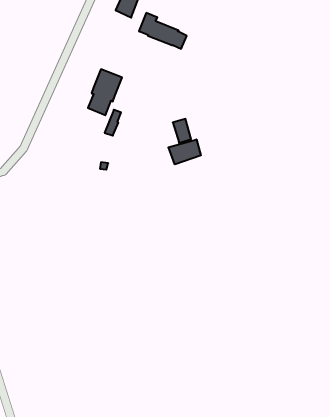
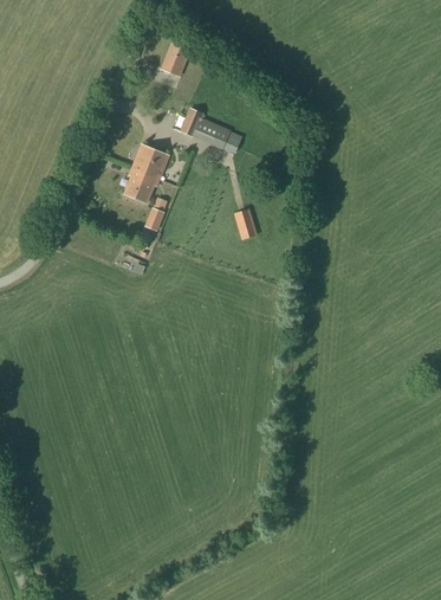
building: [139,13,187,49] -> [180,107,241,153]
building: [168,139,201,164] -> none

